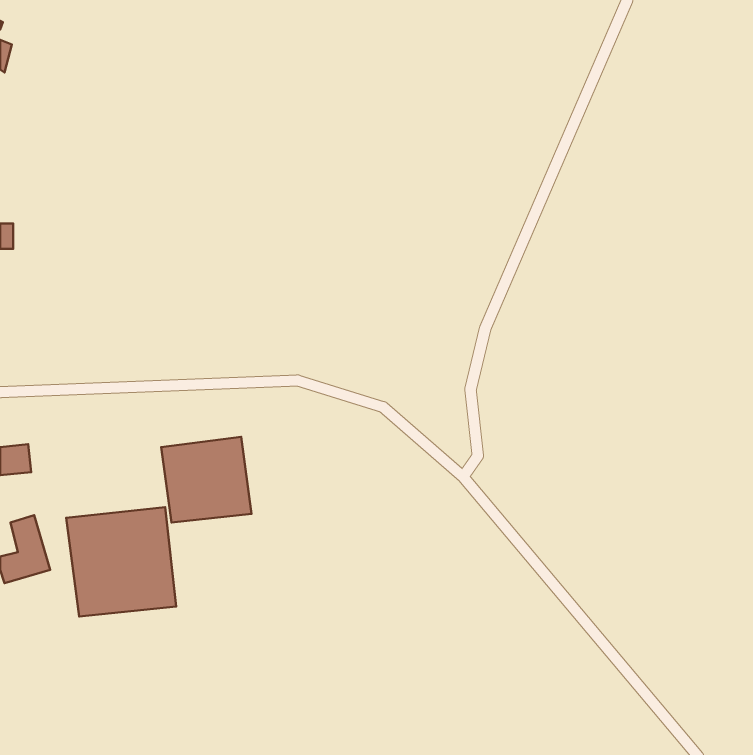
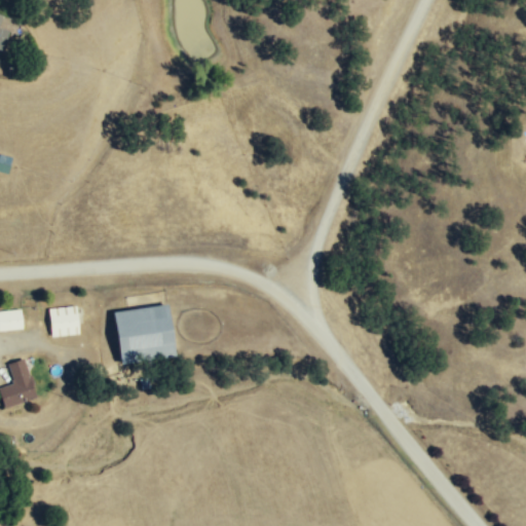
building: none -> [49,306,80,337]
building: [66,507,176,617] -> none

